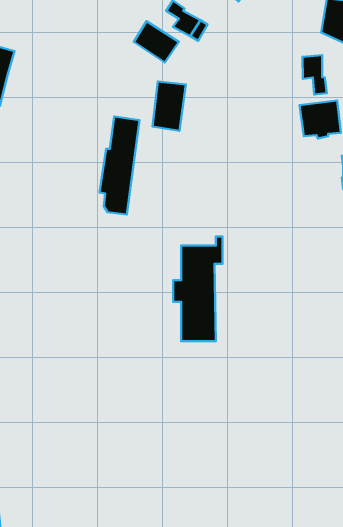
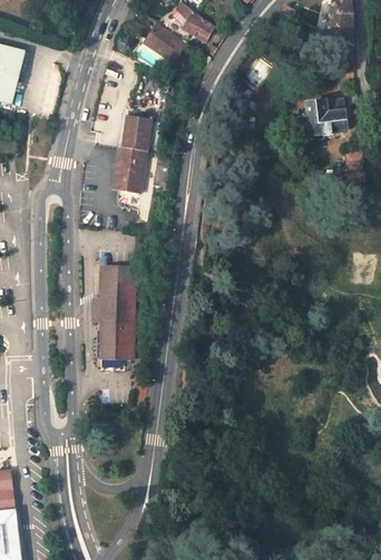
building: [302,55,327,94] -> none
building: [152,81,186,131] -> none
building: [173,236,223,341] -> [94,256,141,357]

